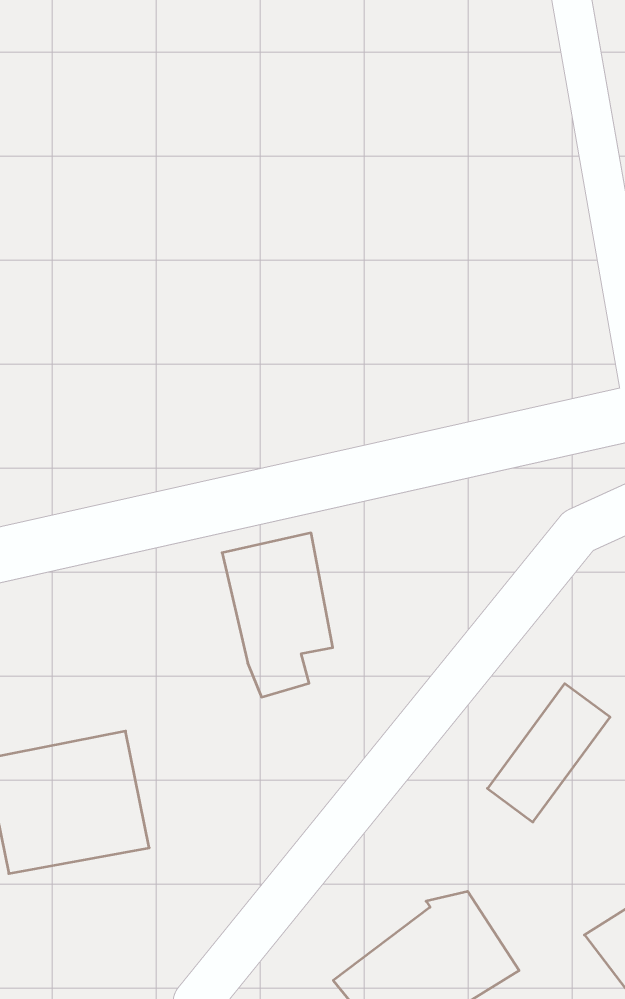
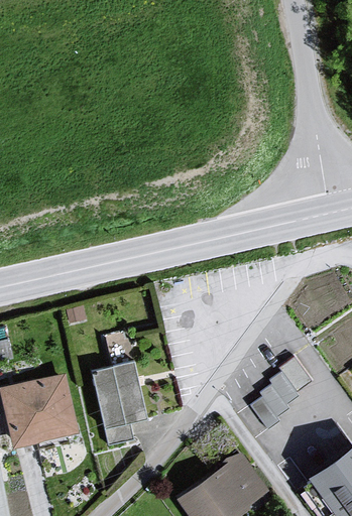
building: [222,533,333,697] -> [92,364,148,447]

